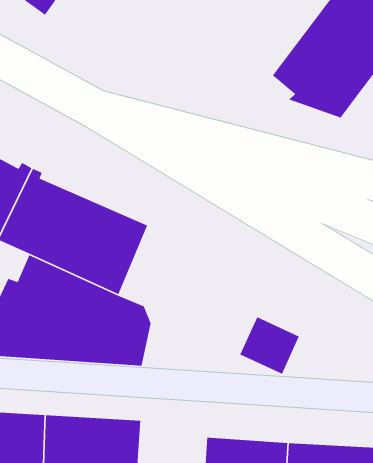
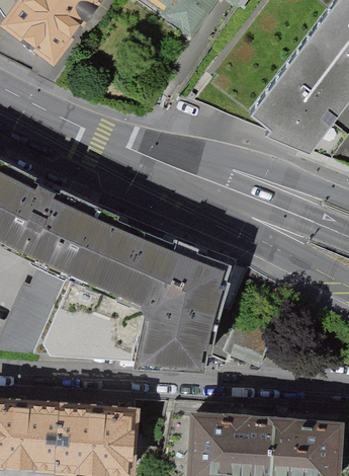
building: none -> [121,235,229,359]

